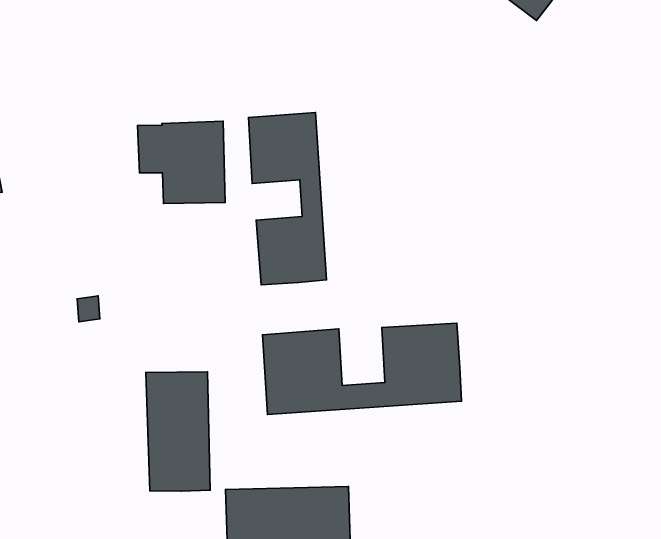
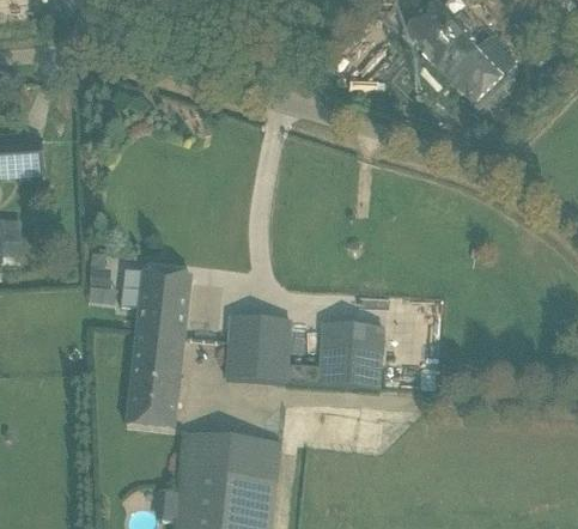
building: [248,113,327,285] -> none
building: [137,121,225,204] -> [120,268,190,338]

